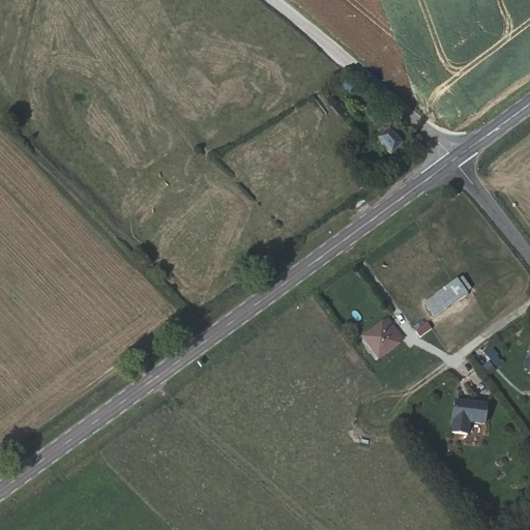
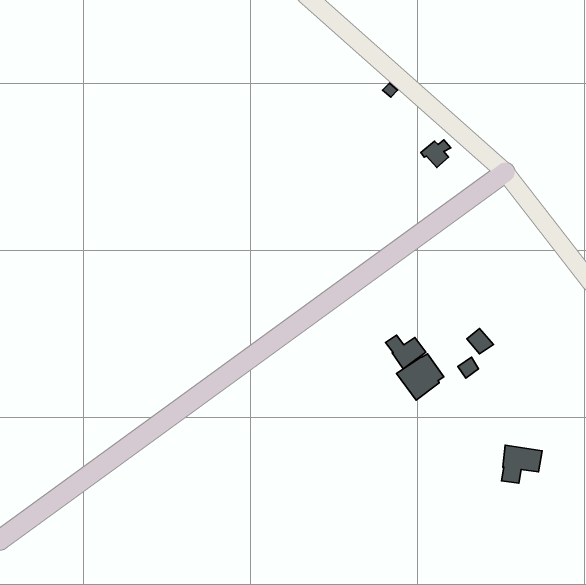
building: [434,277,473,308] -> none
building: none -> [386,335,426,369]

